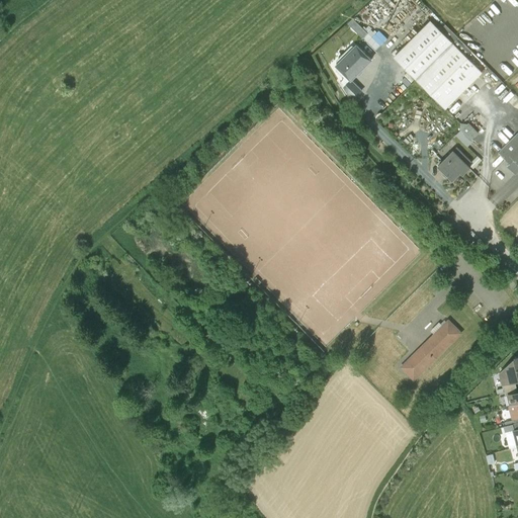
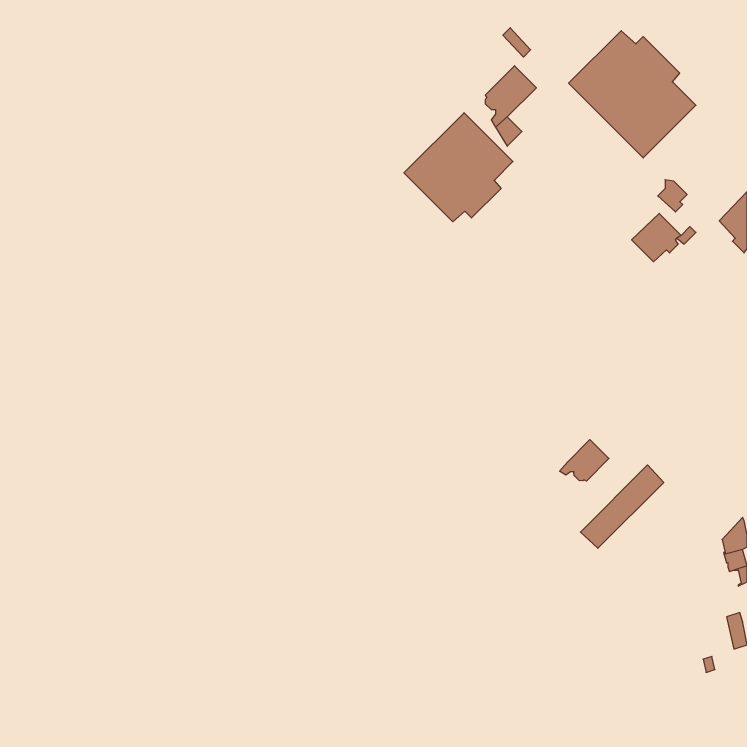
building: none -> [404,113,513,222]
building: none -> [560,440,609,481]

